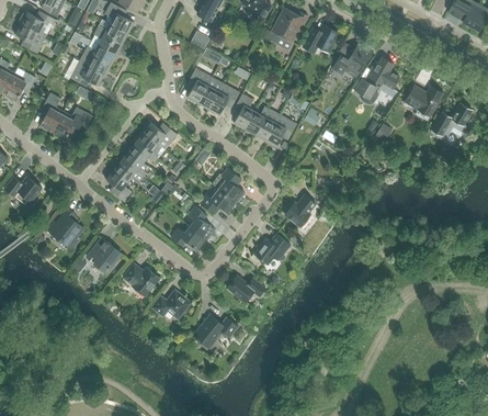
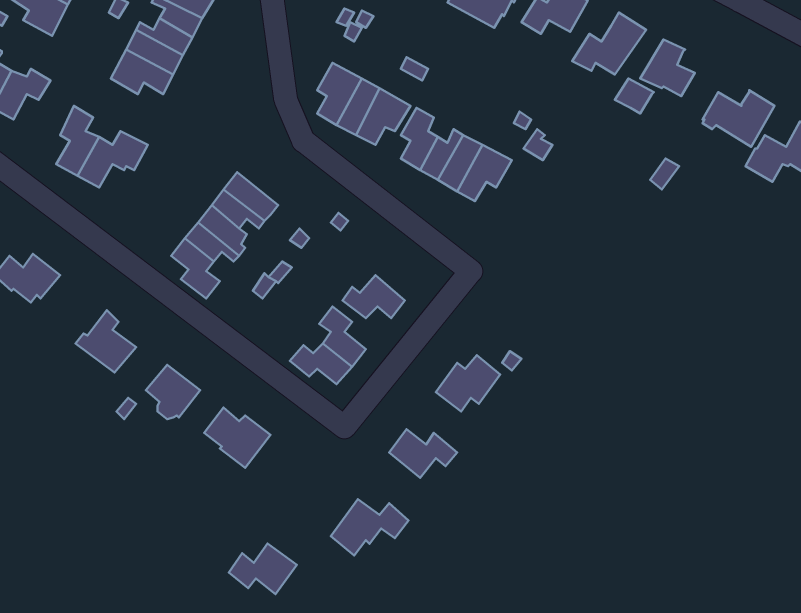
building: [141,121,177,149] -> none
building: [219,169,243,203] -> none
building: [284,195,316,227] -> none
building: [152,291,191,319] -> [229,543,297,594]

